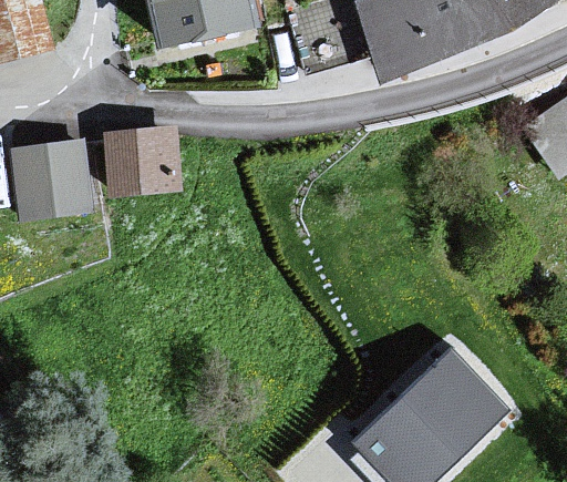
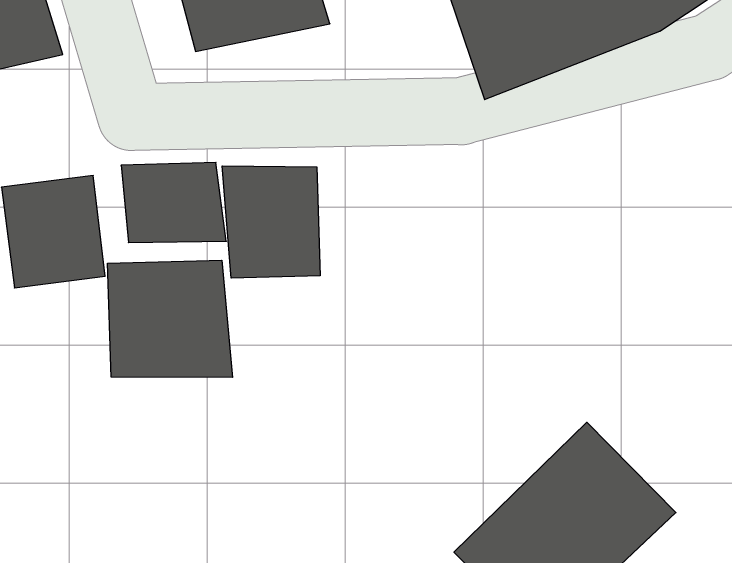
building: none -> [222,166,320,278]
building: none -> [108,260,232,377]

